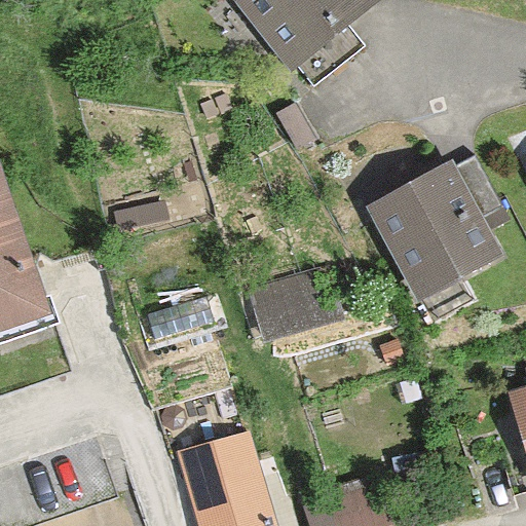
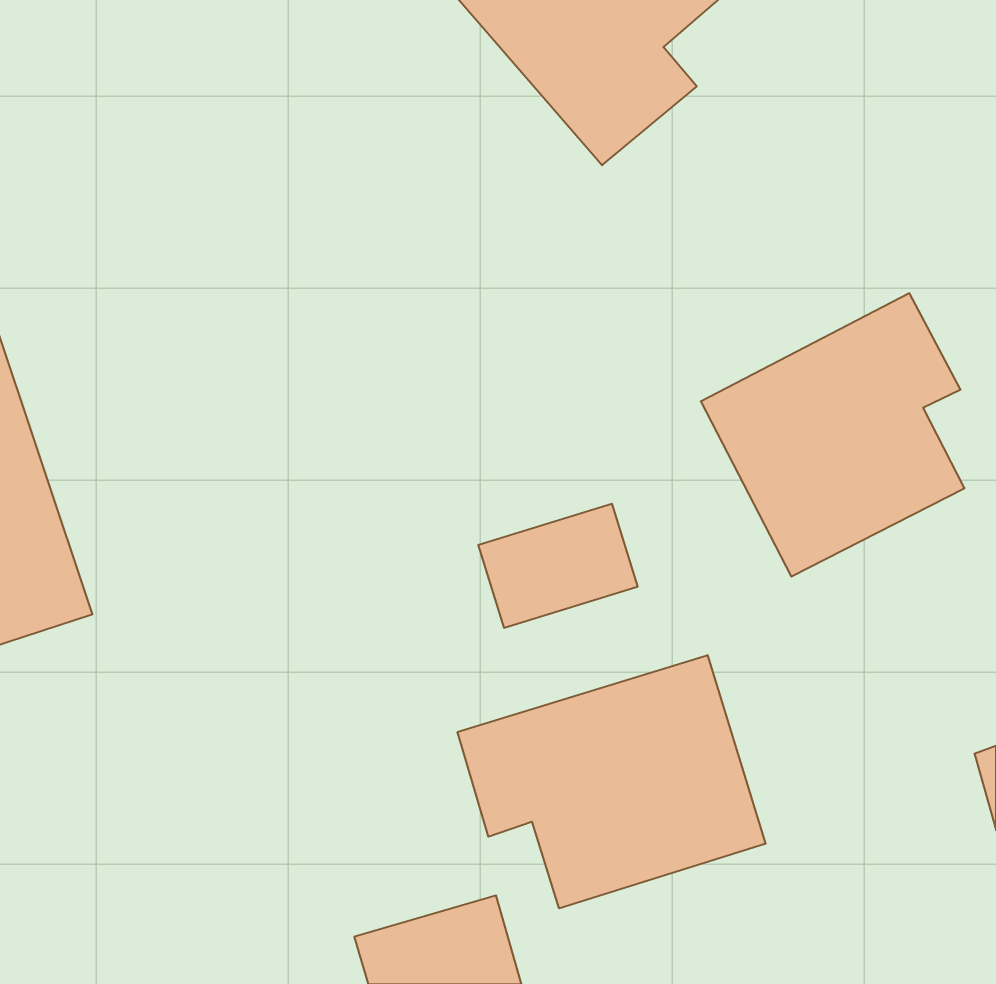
building: none -> [458,655,766,908]

